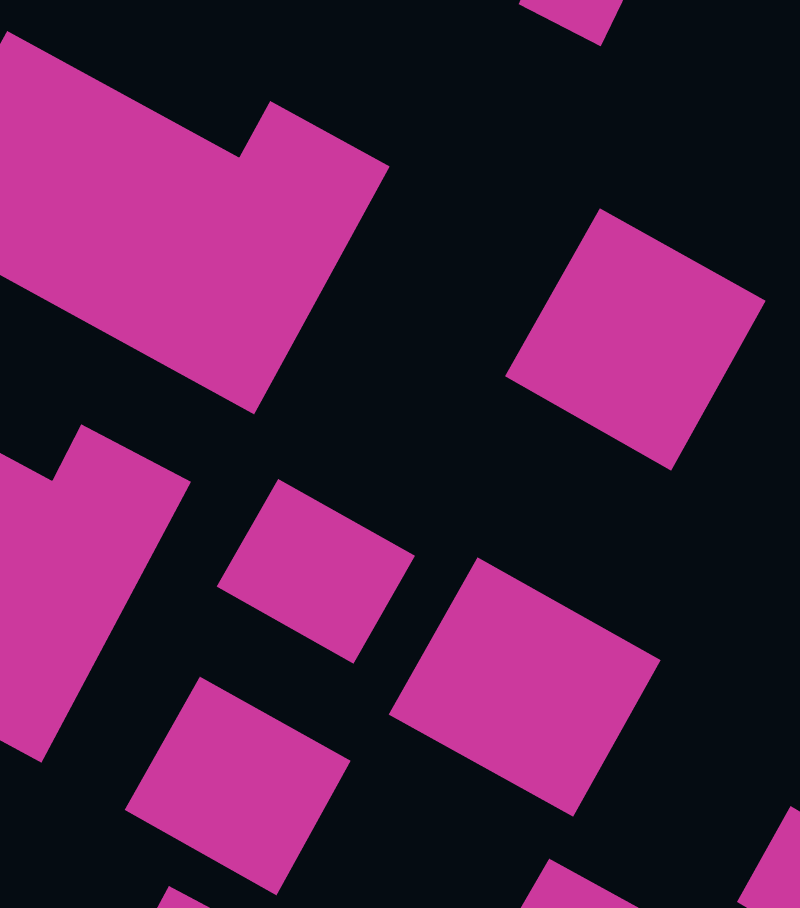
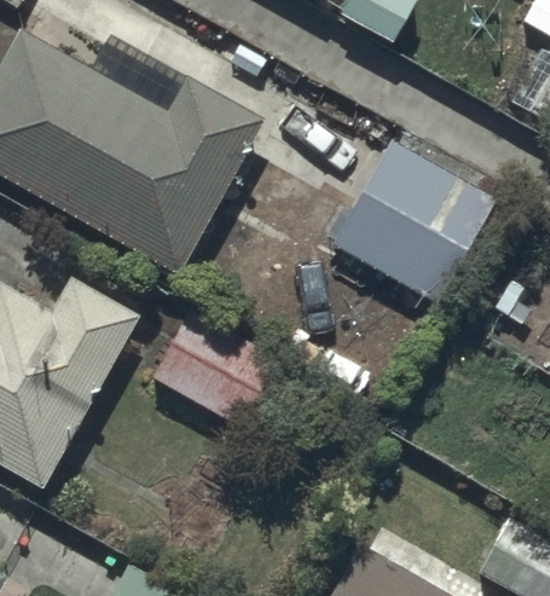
building: [387,556,662,818] -> none
building: [123,675,352,897] -> none

